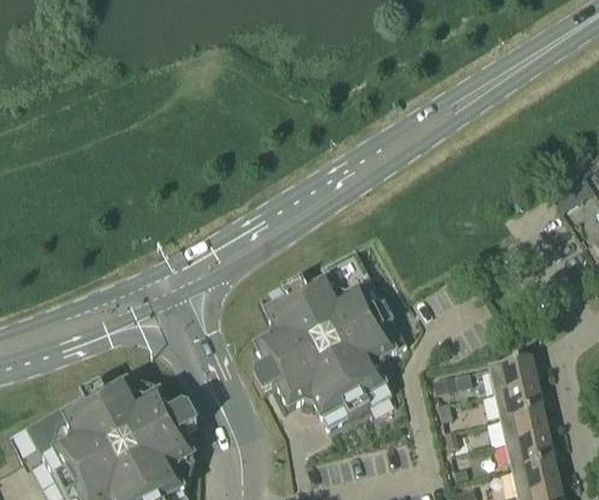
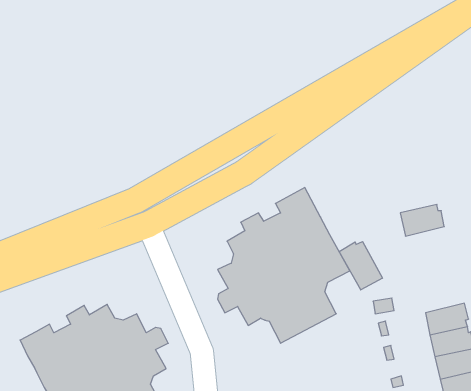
building: none -> [339,242,382,290]
building: [487,357,538,393] -> [400,204,444,236]

